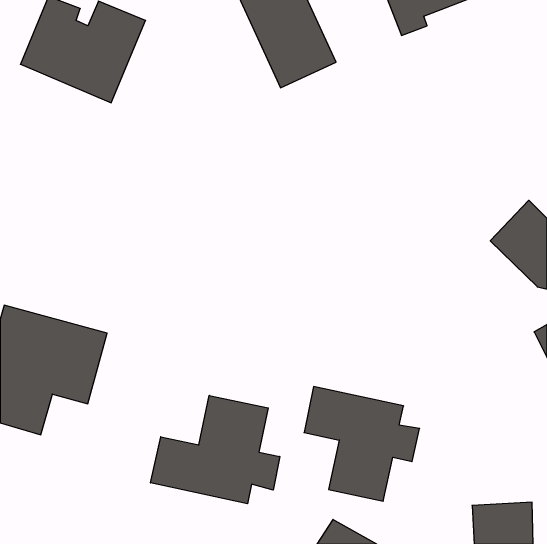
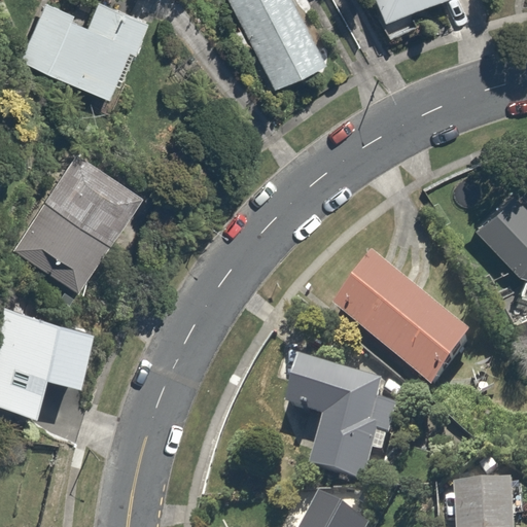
building: none -> [12,148,150,294]
building: none -> [332,260,479,393]
building: [151,395,280,504] -> none

